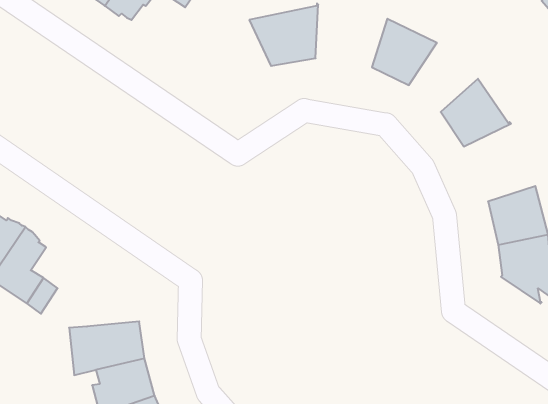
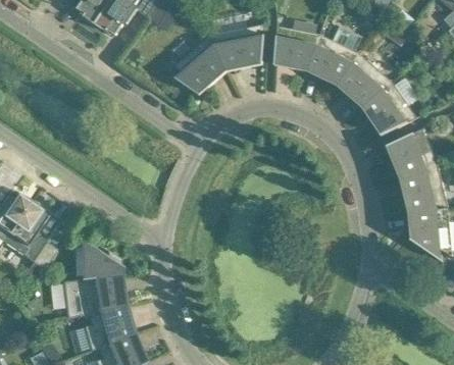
building: none -> [274,23,319,72]
building: none -> [171,35,226,96]
building: none -> [337,53,392,108]
building: none -> [386,127,438,179]
building: none -> [80,239,121,279]

